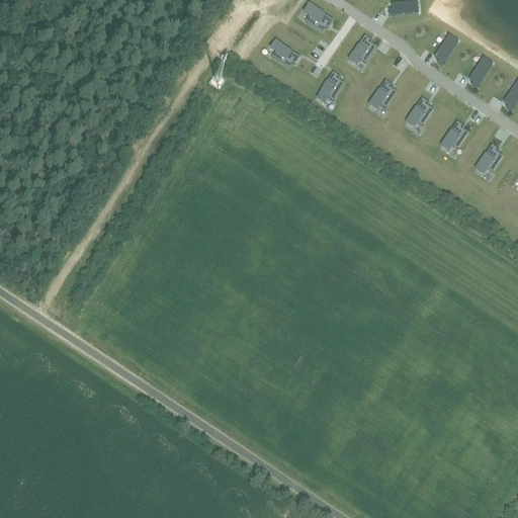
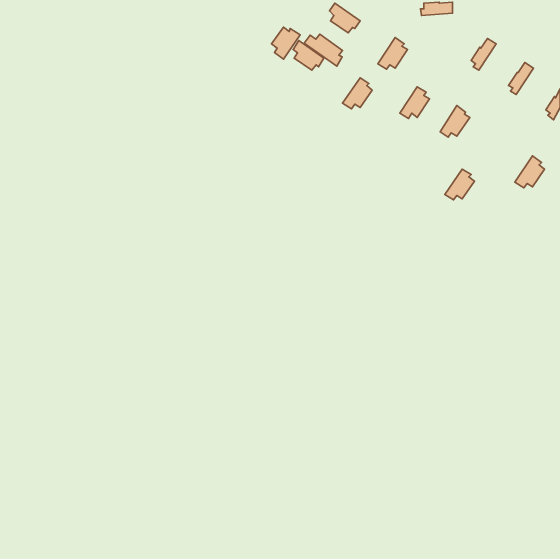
building: none -> [272,27,300,59]
building: none -> [304,34,343,66]
building: [440,121,467,150] -> [445,169,474,200]

